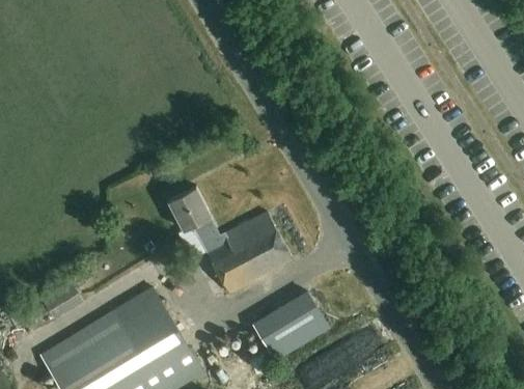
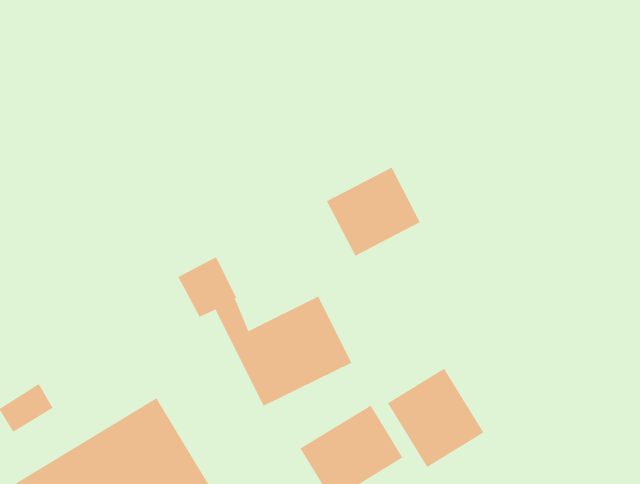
building: none -> [326,167,421,256]
building: none -> [387,368,484,468]

